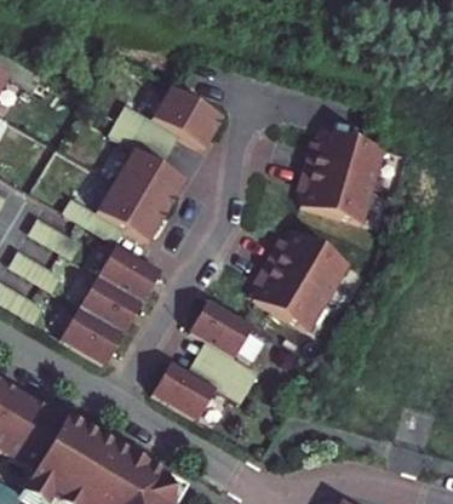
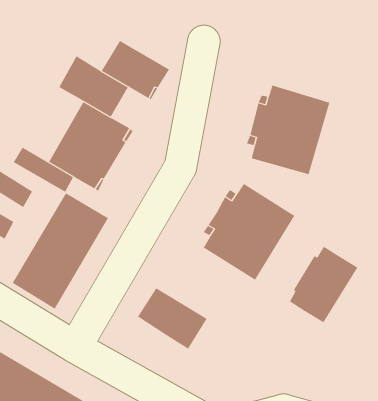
building: none -> [289,246,358,323]
building: [188,298,252,356] -> none
building: [150,360,213,417] -> none

